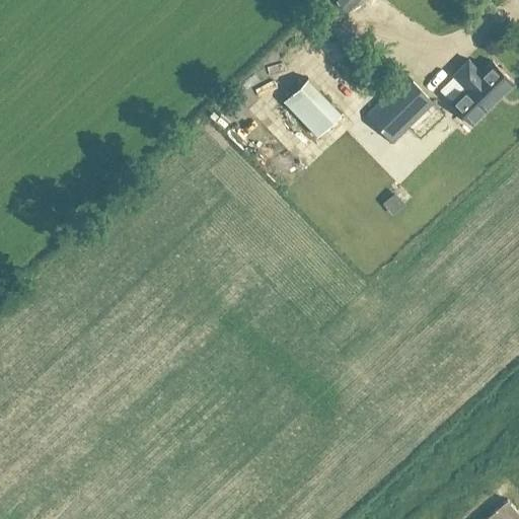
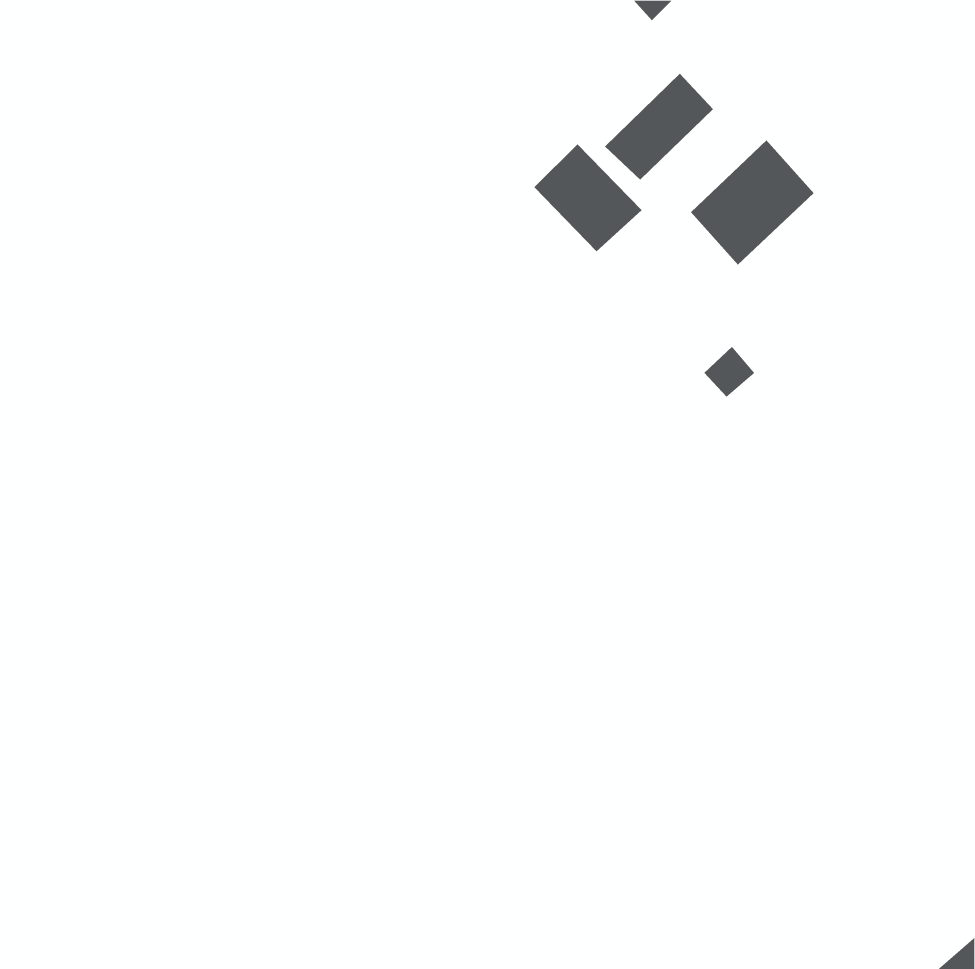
building: none -> [604,73,714,181]
building: [450,61,513,113] -> none

